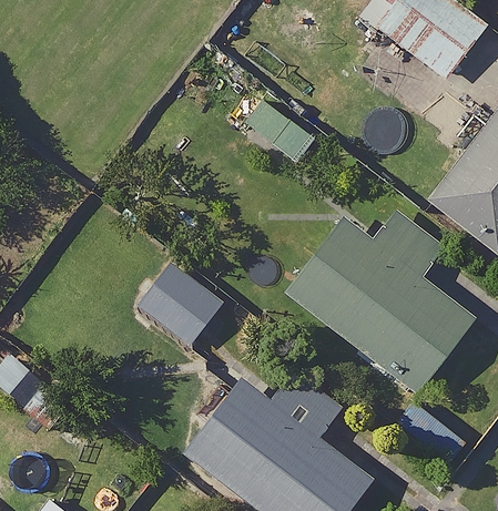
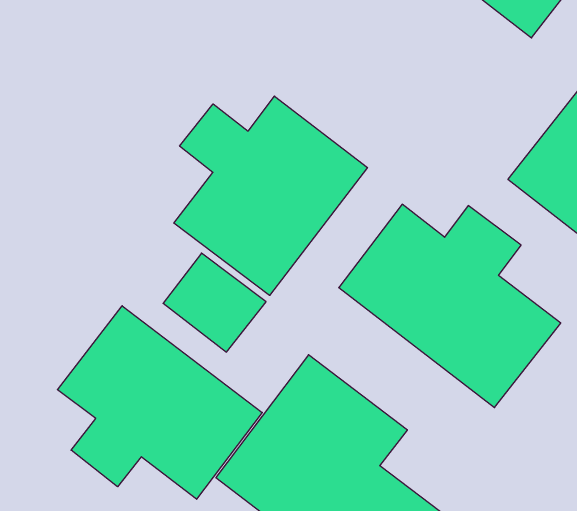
building: none -> [174,96,367,295]
building: none -> [57,306,262,499]

